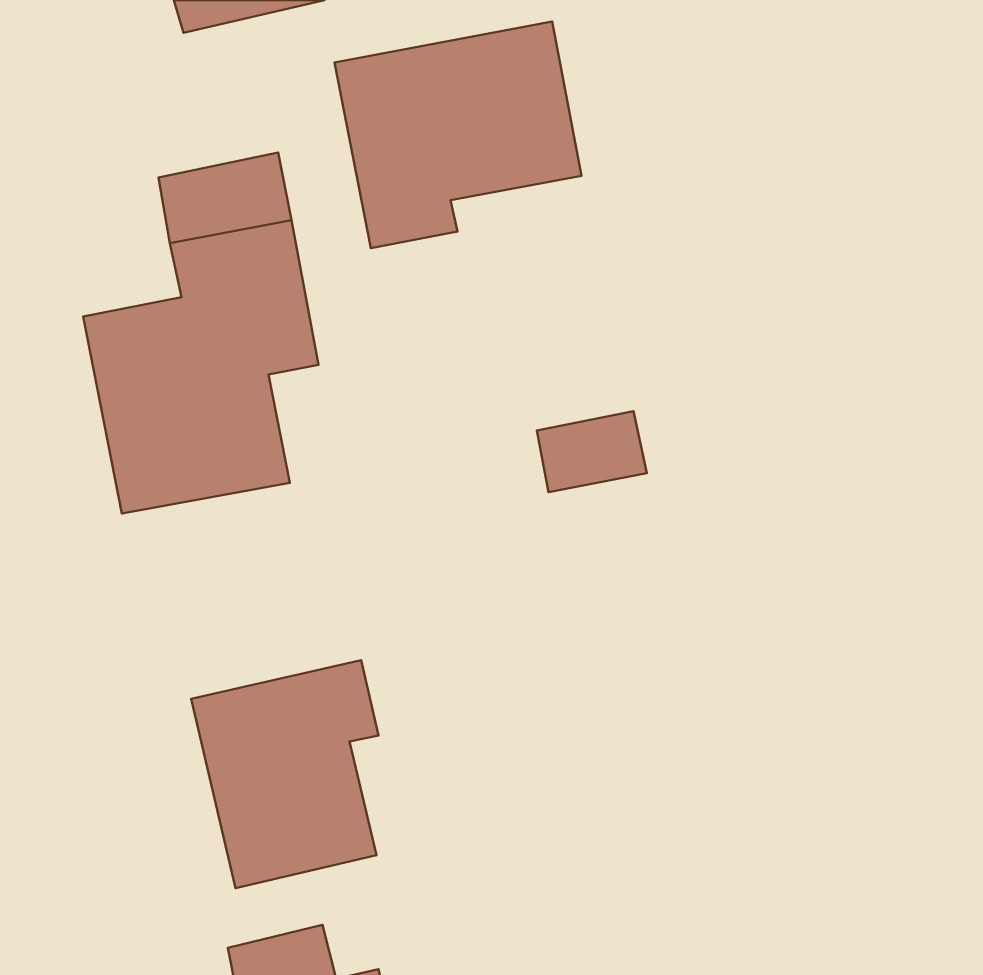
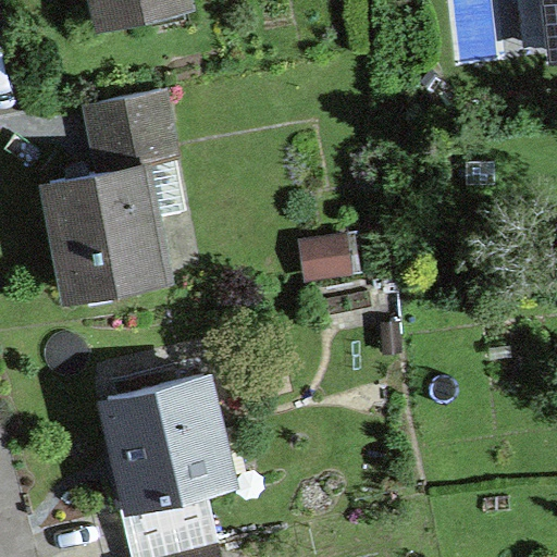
building: [334,22,582,248] -> none

